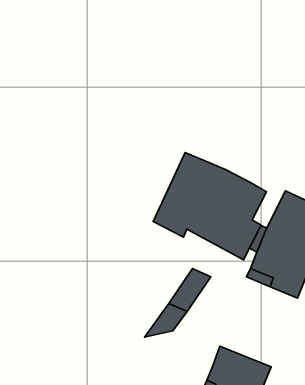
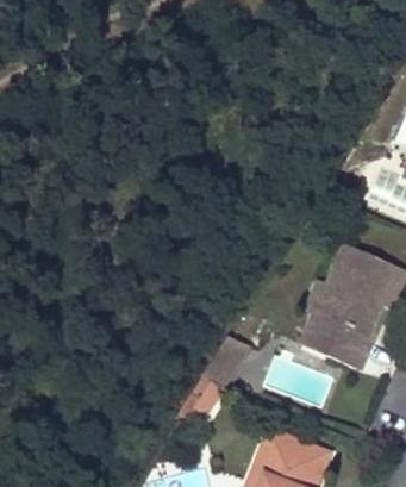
building: [153,153,266,260] -> none

